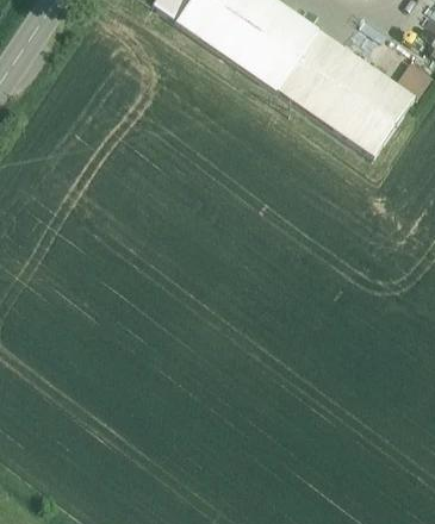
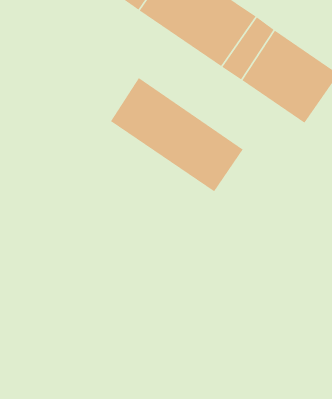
building: none -> [110,77,244,192]

